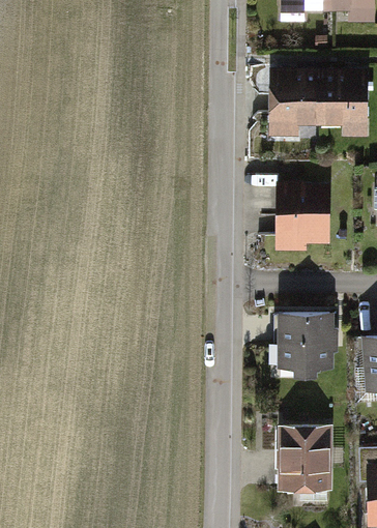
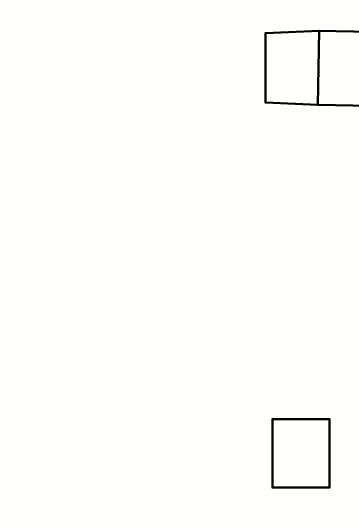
building: [278,181,329,244] -> none
building: [278,312,329,365] -> none

